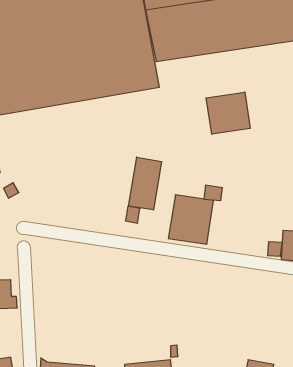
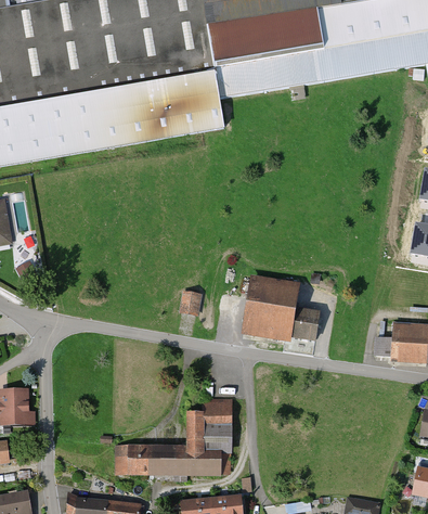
building: [206,92,250,134] -> none
building: [129,157,161,210] -> none
building: [204,185,222,201] -> [294,307,319,327]
building: none -> [117,399,232,478]

